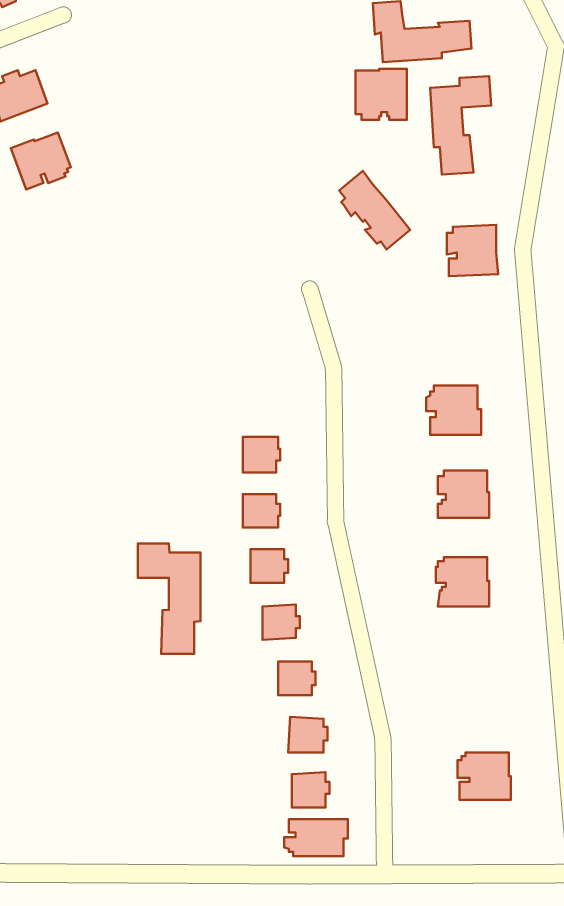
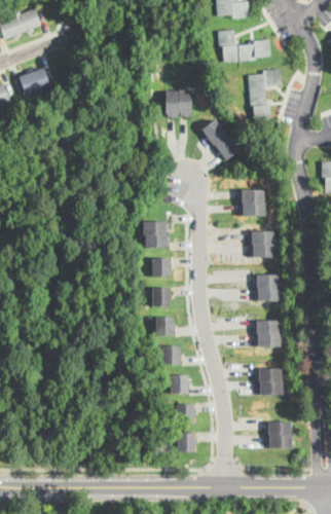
building: [356,69,407,120] -> [164,89,191,116]
building: [11,132,71,189] -> none
building: [447,225,498,276] -> [237,189,264,216]
building: none -> [142,222,170,247]
building: [138,543,200,654] -> none
building: none -> [254,369,282,395]
building: [284,819,348,856] -> none

